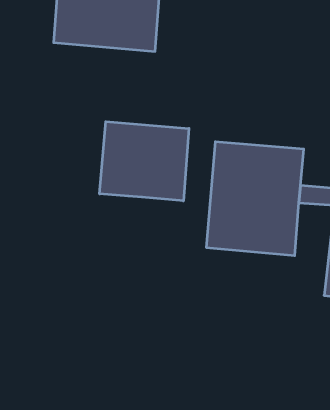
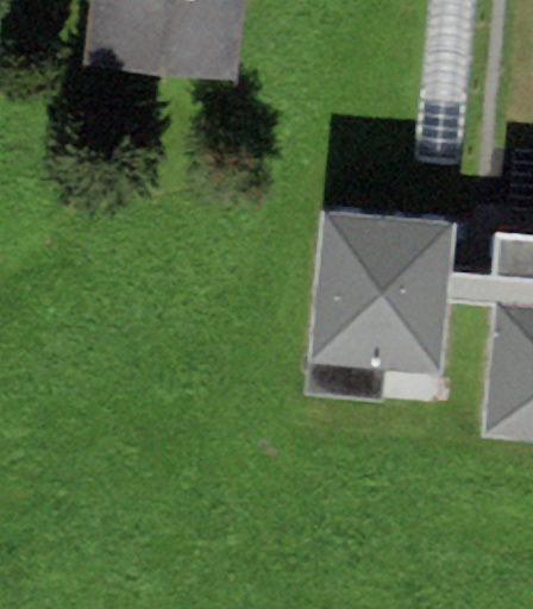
building: [100,122,189,201] -> none

